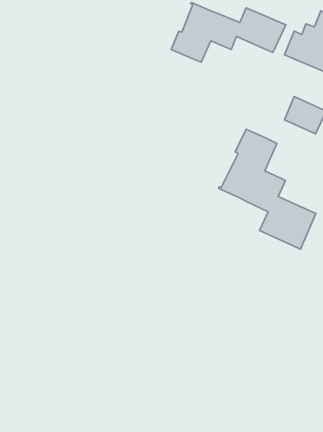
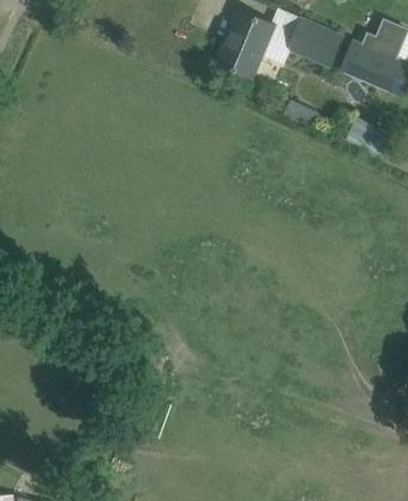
building: [219,129,316,249] -> none

